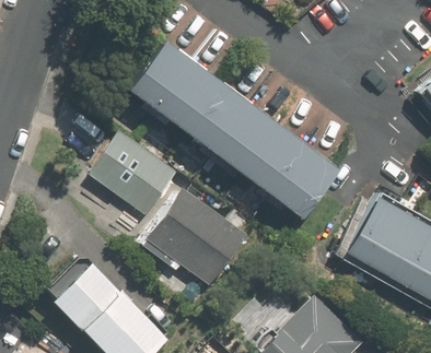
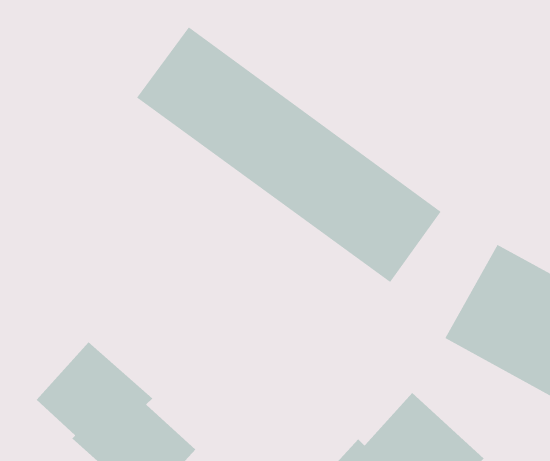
building: [97,136,253,290] -> none

